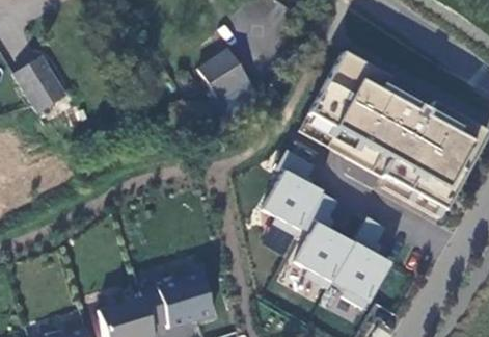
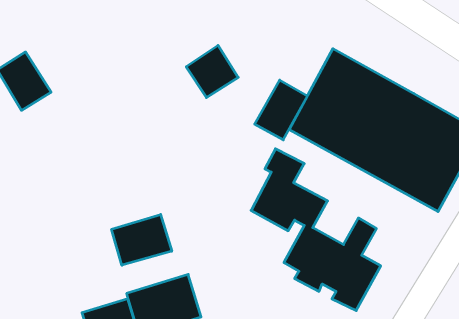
building: none -> [255,80,307,140]
building: none -> [112,214,172,265]

